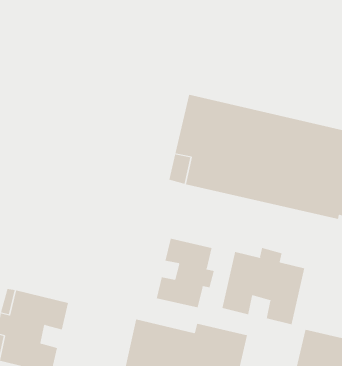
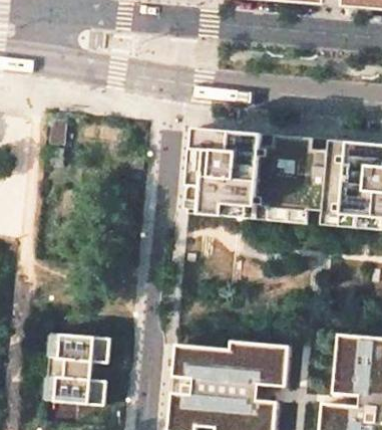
building: [156,238,215,308] -> none
building: [222,247,305,325] -> none

